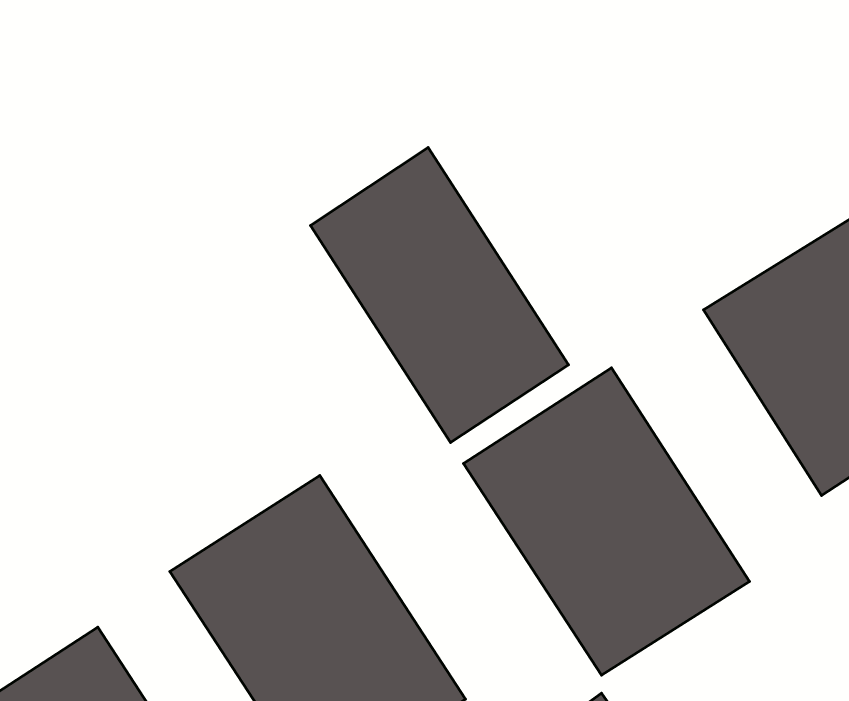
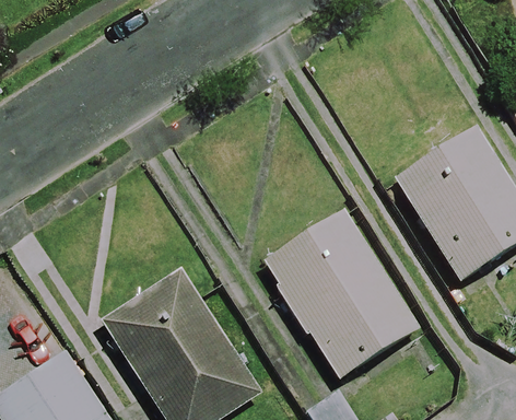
building: [310,148,568,443] -> none

